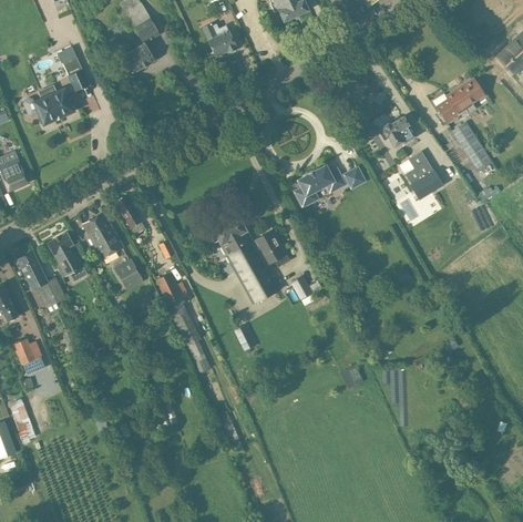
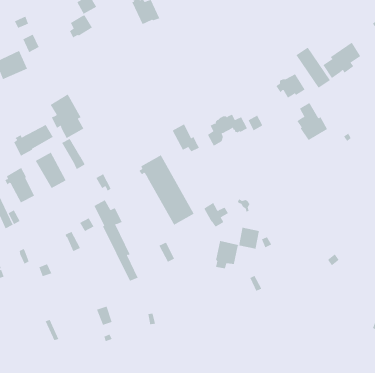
building: [450,121,493,172] -> [296,47,331,88]
building: none -> [50,94,84,139]
building: none -> [14,124,53,157]
building: [255,231,289,266] -> [172,123,200,152]
building: [114,257,144,290] -> none
building: none -> [215,227,260,269]

